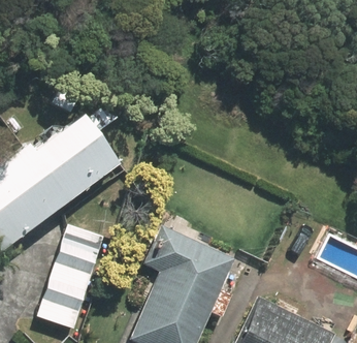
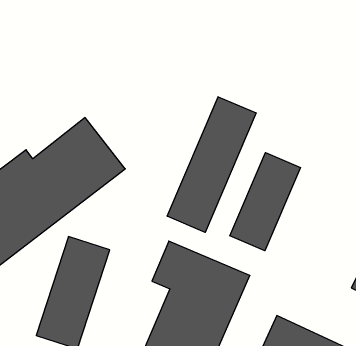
building: none -> [167,97,256,232]
building: none -> [230,153,300,251]

